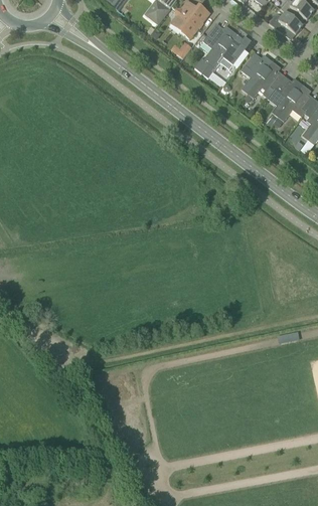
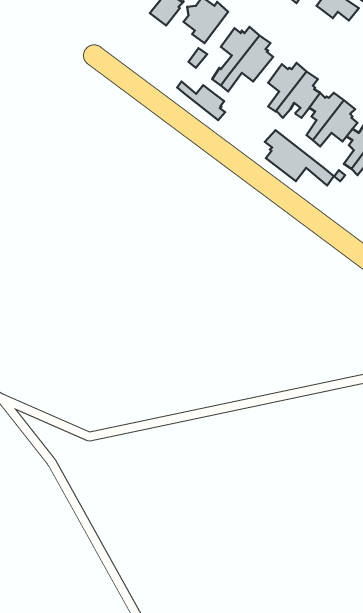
building: [269,11,302,34] -> none
building: none -> [177,81,225,120]
building: none -> [265,130,334,185]

